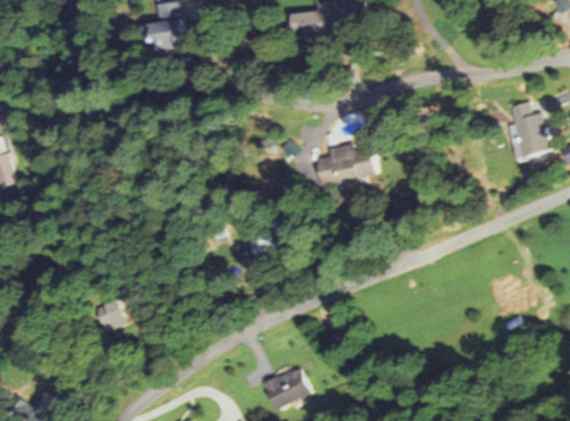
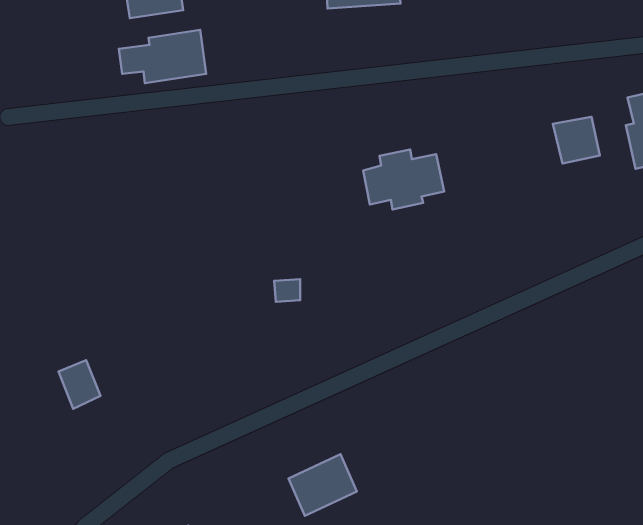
building: none -> [119,30,206,83]
building: none -> [553,117,600,164]

